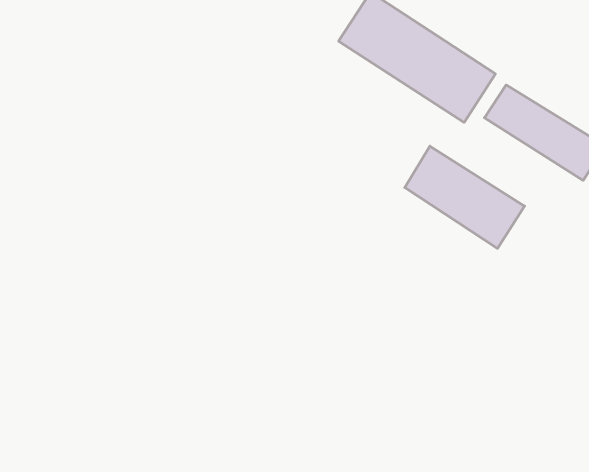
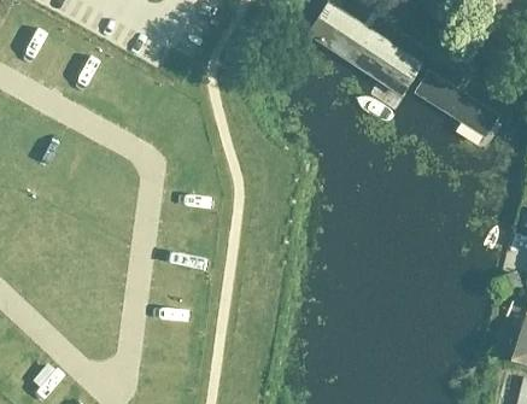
building: [405,146,525,248] -> none

